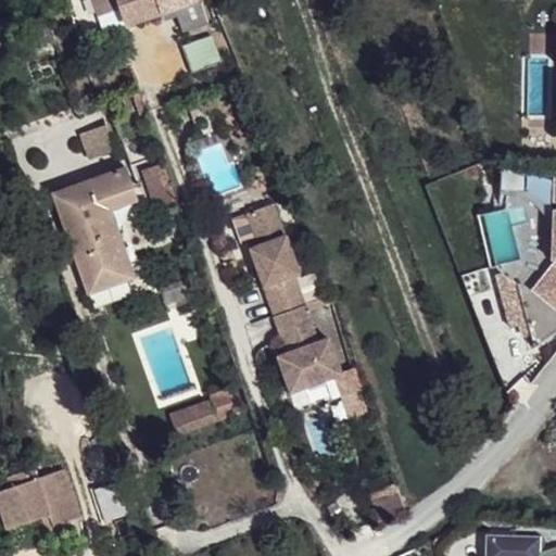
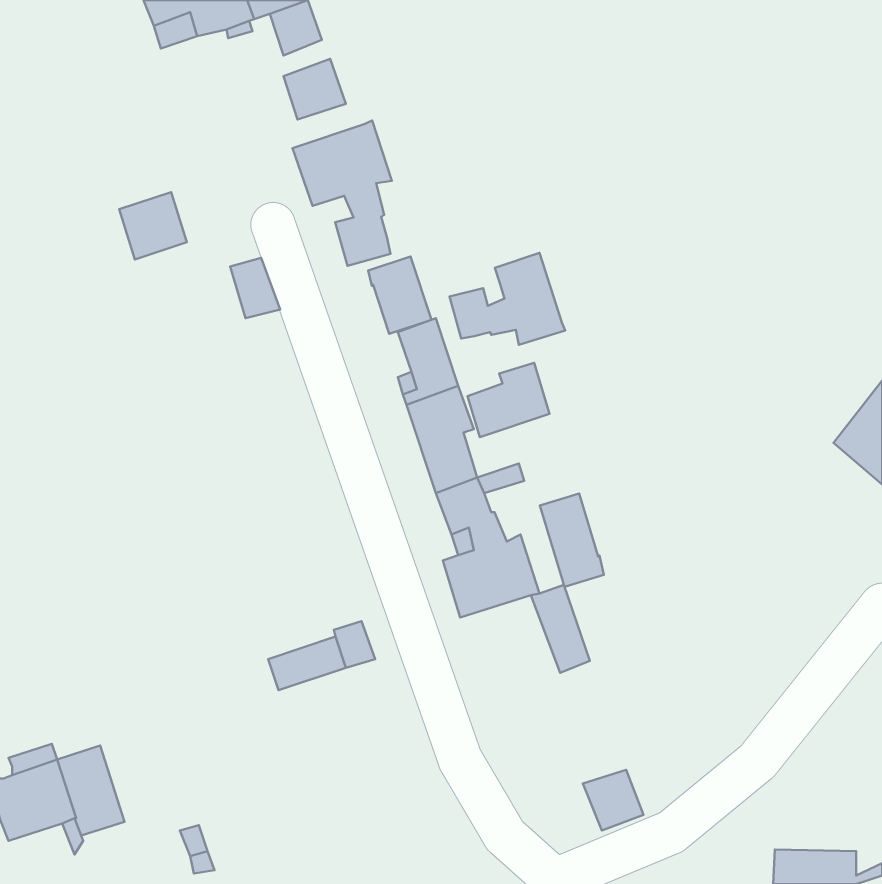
building: none -> [293,120,392,266]
building: none -> [449,253,565,345]
building: none -> [368,257,432,334]
building: [51,167,138,293] -> none
building: none -> [468,363,550,437]
building: none -> [540,493,604,587]

